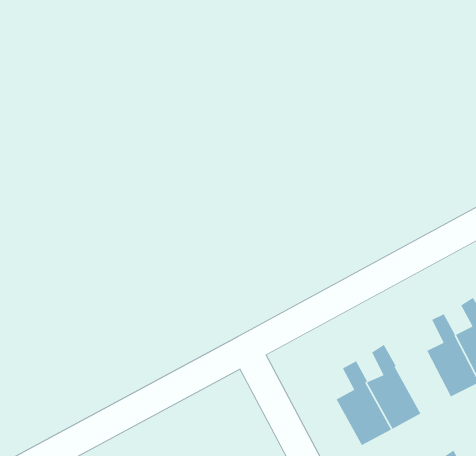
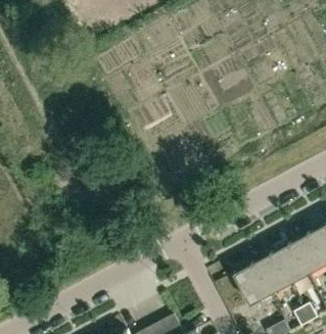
building: none -> [273,229,308,283]

